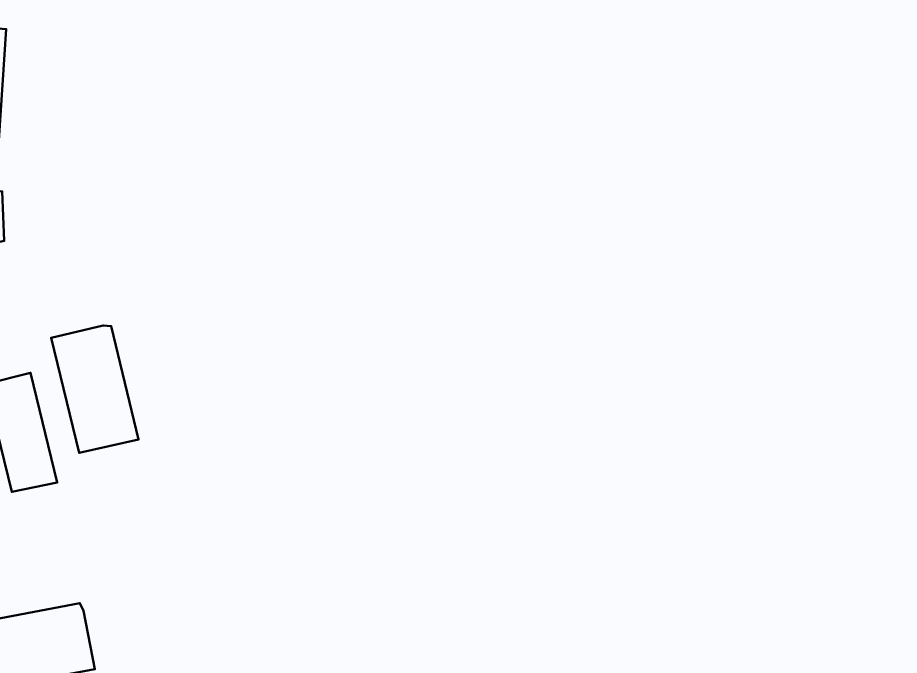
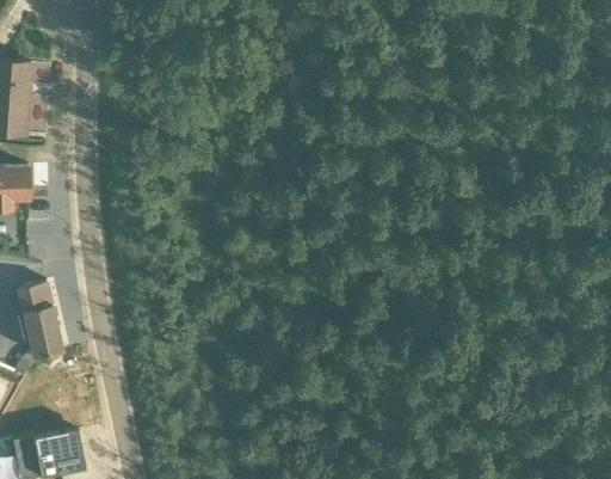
building: [51,325,138,453] -> none

